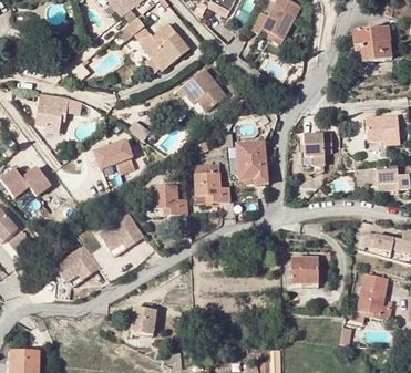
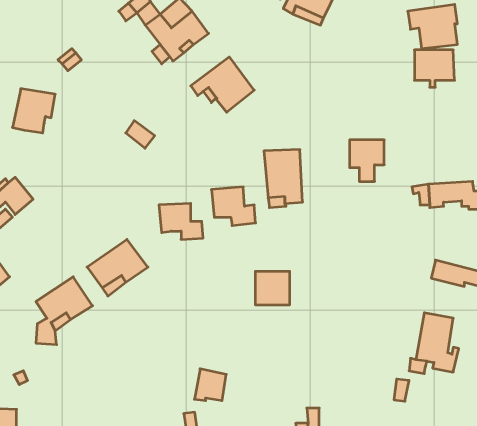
building: [367,116,399,146] -> [414,50,455,87]
building: [90,139,129,168] -> none
building: [290,258,318,284] -> [255,271,290,305]
building: [131,307,156,332] -> [194,369,226,401]

